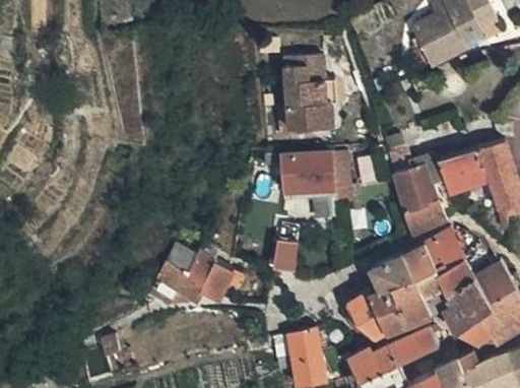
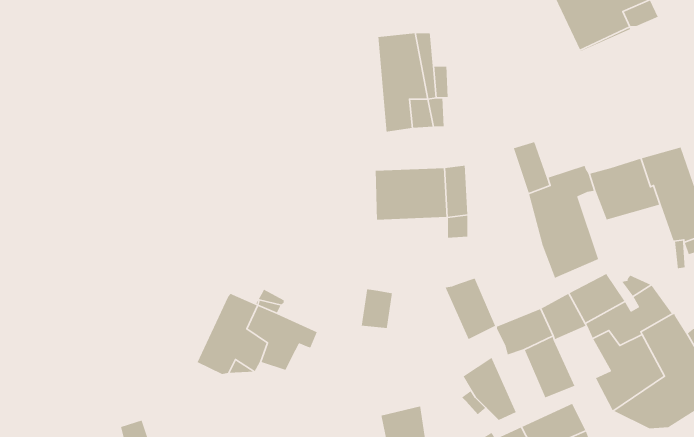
building: [412,269,453,313] -> none
building: [368,286,405,332] -> [444,277,496,340]

